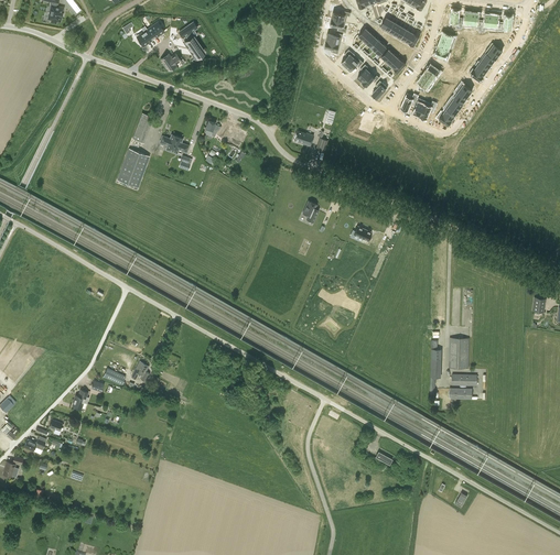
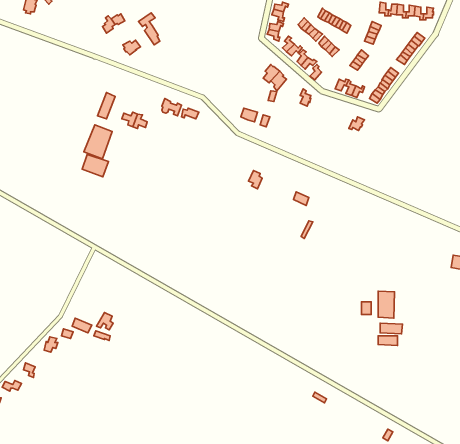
building: none -> [82,154,108,177]

